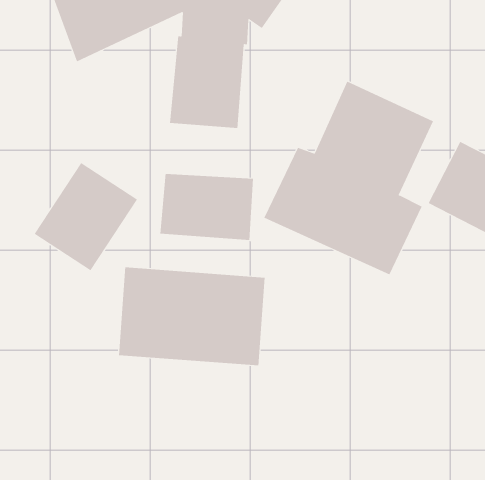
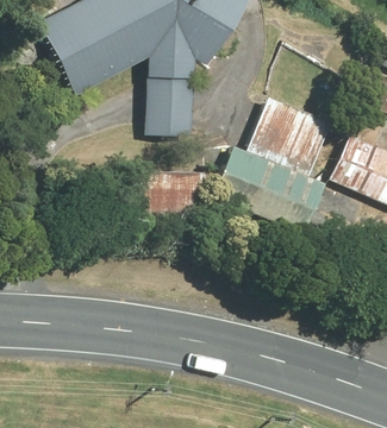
building: [34,162,138,271] -> none
building: [119,267,265,366] -> none

